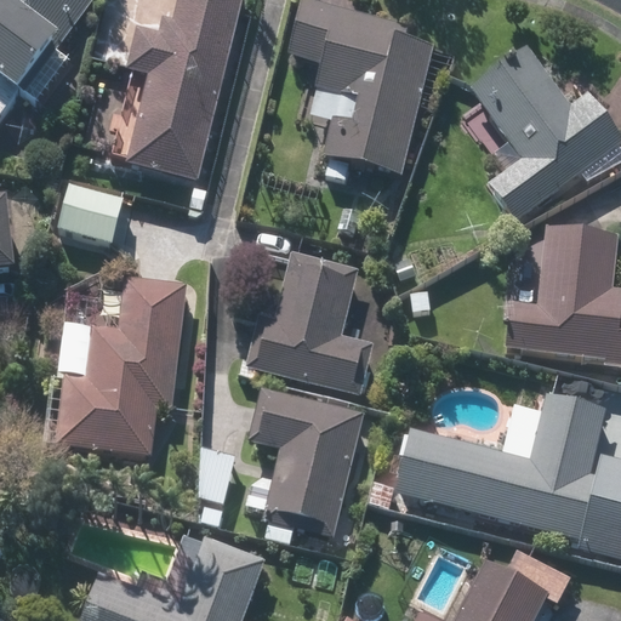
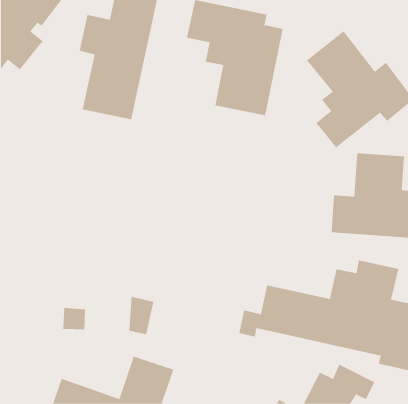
building: [53,182,125,245] -> none
building: [245,247,376,393] -> none
building: [51,279,184,455] -> none
building: [247,387,364,536] -> none

